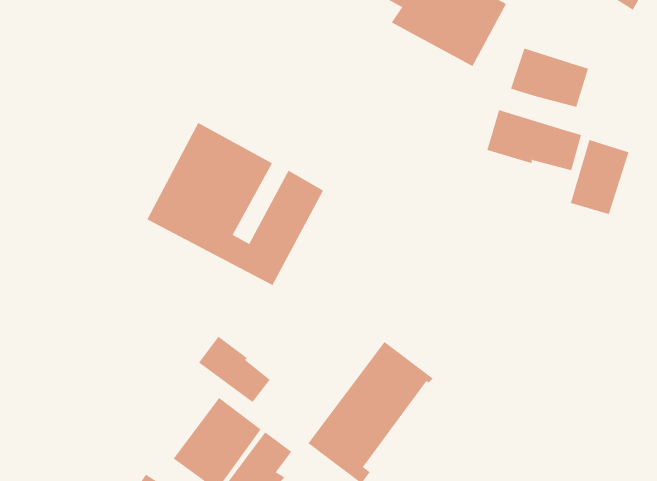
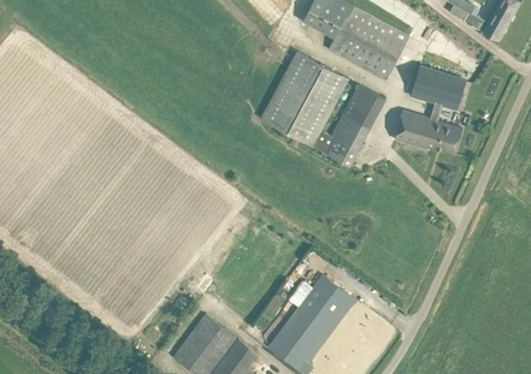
building: [147,122,324,286] -> [260,51,385,166]
building: [570,139,629,215] -> none
building: [198,336,271,403] -> none

